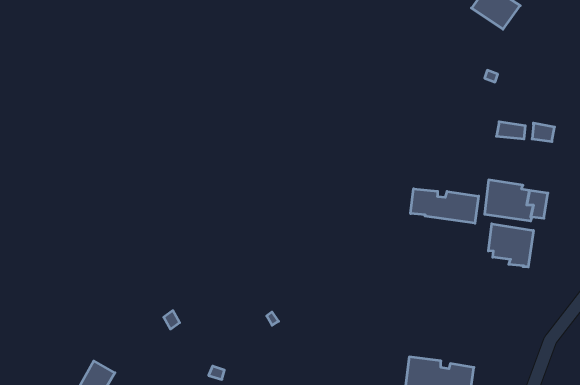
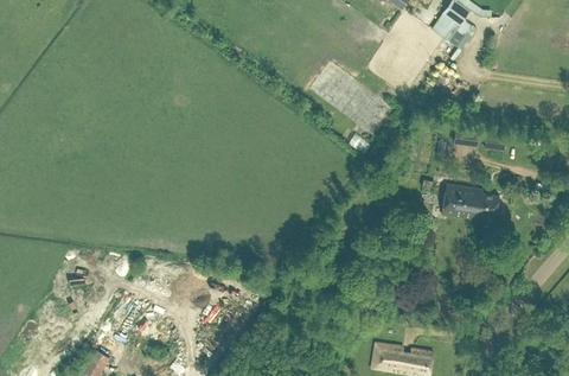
building: [411,189,479,223] -> none
building: [488,224,533,267] -> none

